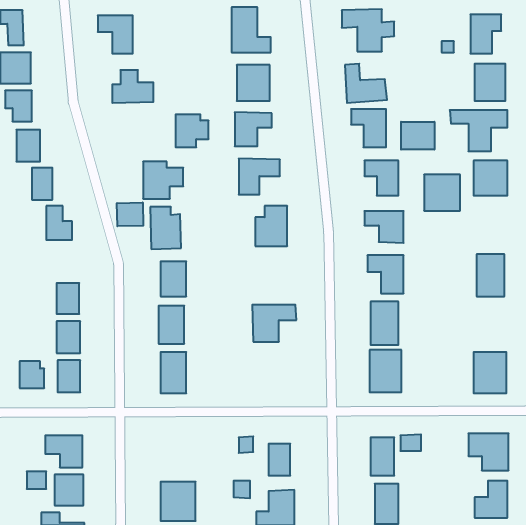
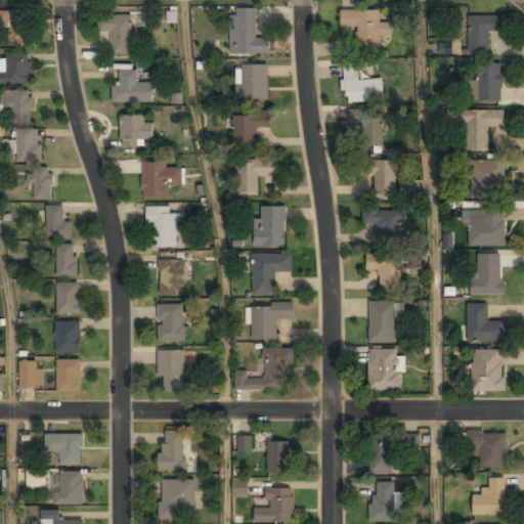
building: [176,114,209,147] -> [120,116,152,148]
building: [401,122,434,150] -> none
building: [424,175,460,211] -> [469,210,505,246]
building: [117,202,143,226] -> none
building: none -> [56,244,76,276]
building: none -> [252,252,292,294]
building: none -> [467,303,505,342]
building: none -> [235,348,290,390]
building: none -> [161,430,185,471]

